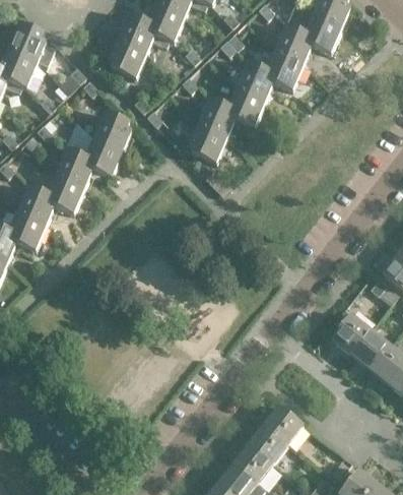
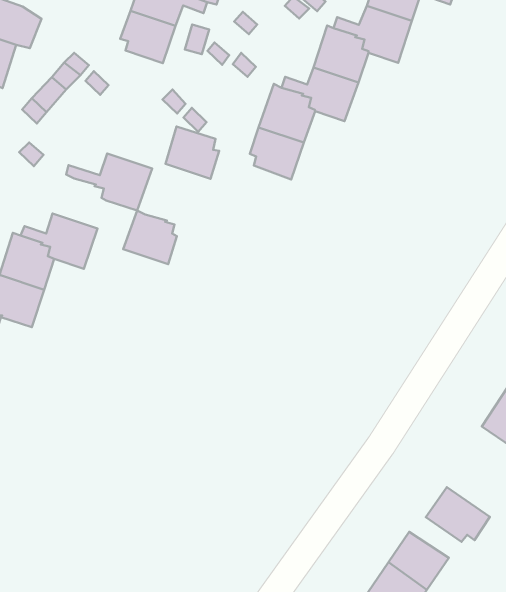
building: [93,114,130,150] -> [166,127,219,179]
building: [54,150,90,188] -> [123,210,177,264]
building: none -> [426,487,490,542]

